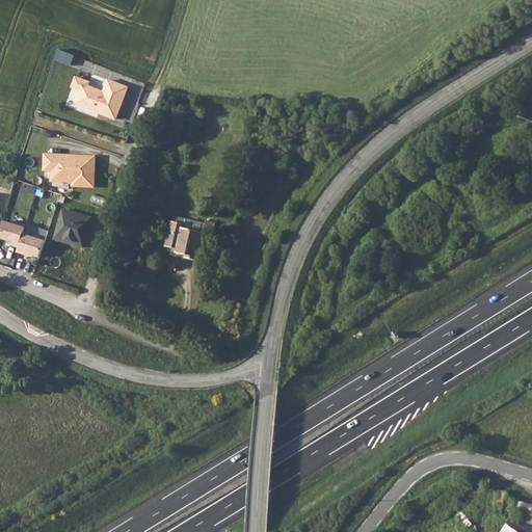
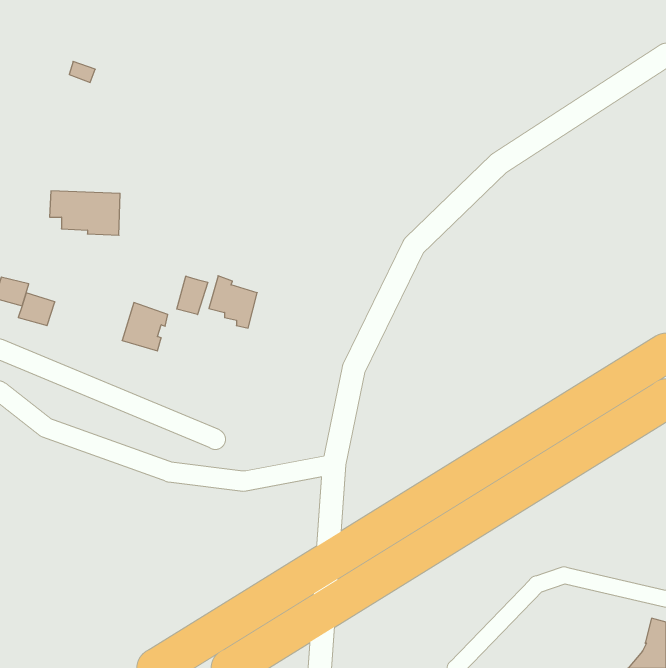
building: [69,76,126,118] -> none
building: [54,210,90,248] -> [122,303,168,351]
building: none -> [177,276,208,315]

